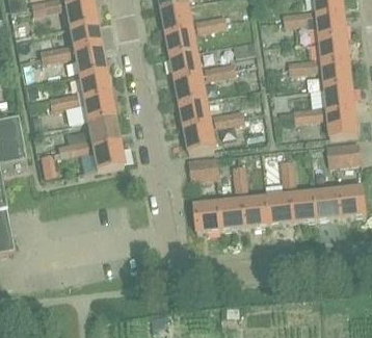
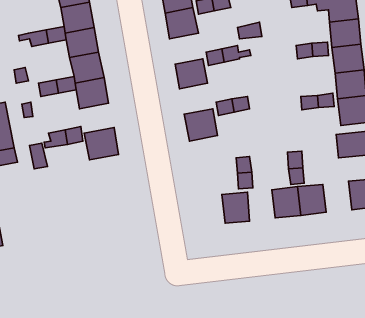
building: [170,51,202,80] -> none
building: [180,98,211,127] -> none
building: [86,116,118,145] -> none
building: [188,157,219,182] -> none
building: [314,189,341,218] -> none
building: [243,198,269,227] -> none
building: [194,202,222,232] -> none

